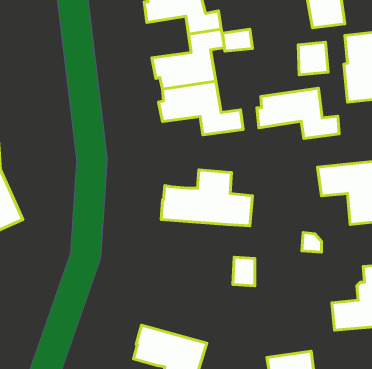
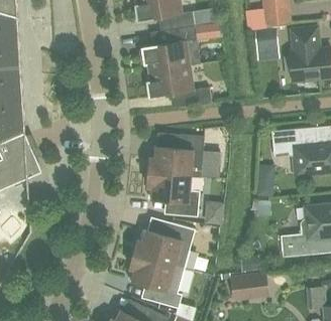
building: [257,88,339,139] -> none
building: none -> [146,171,200,215]
building: none -> [133,221,195,267]

